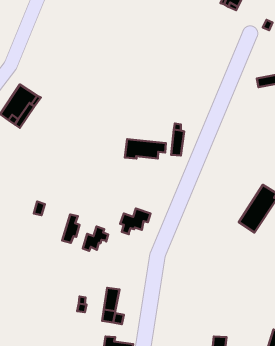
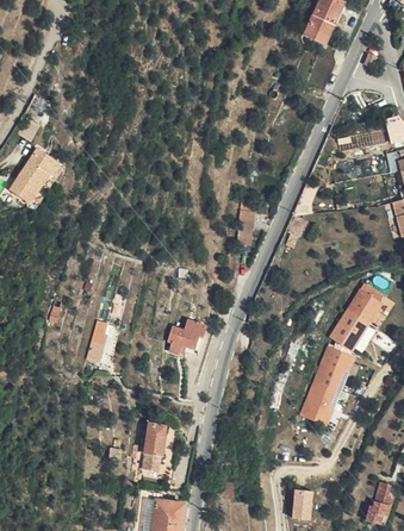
building: [125,139,166,158] -> none
building: [83,227,108,251] -> none
building: none -> [303,346,354,424]

